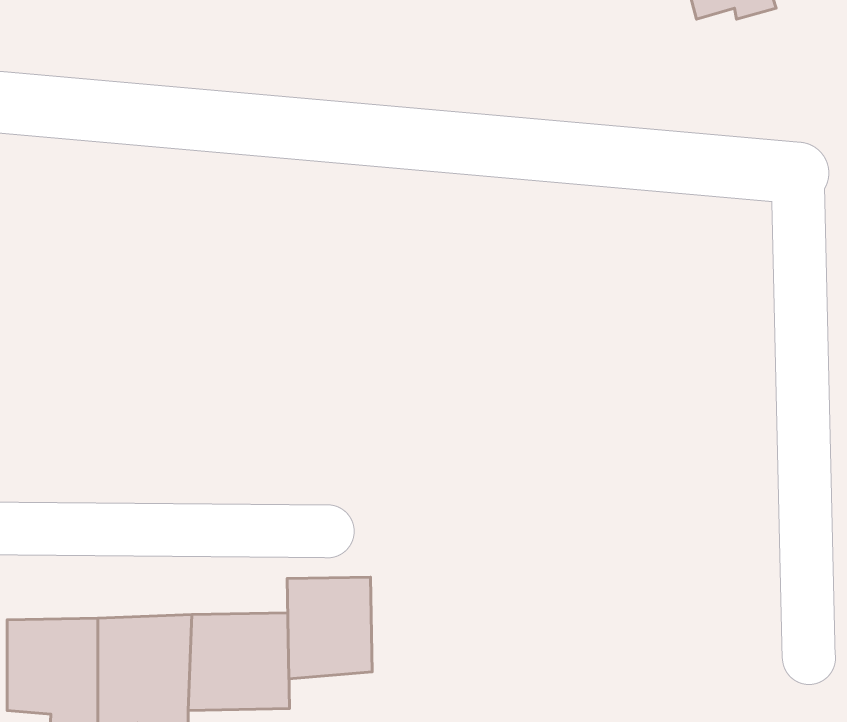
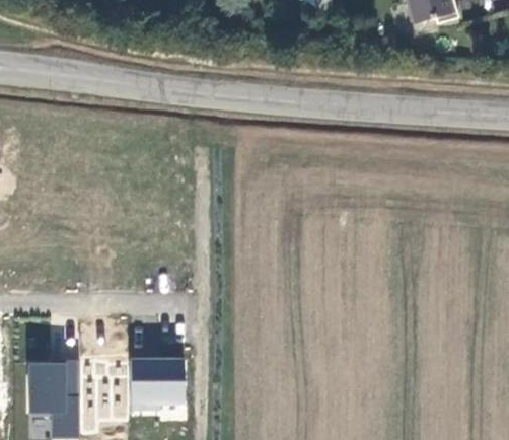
building: [287,577,372,679] -> none

